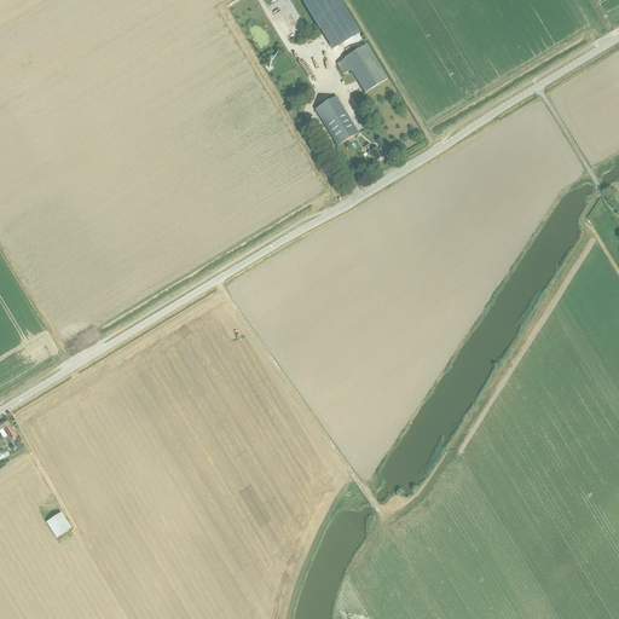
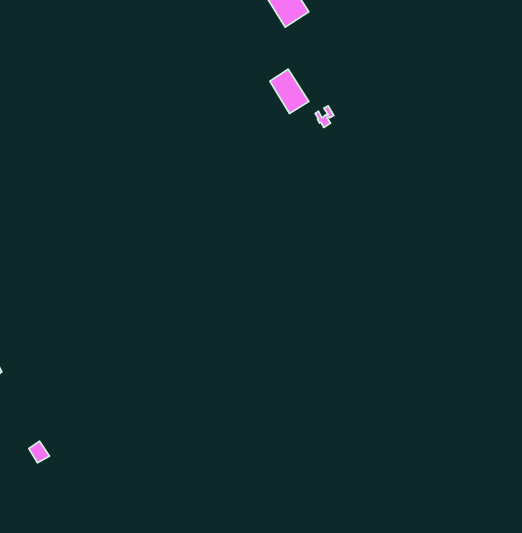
building: [337,44,387,91] -> none

